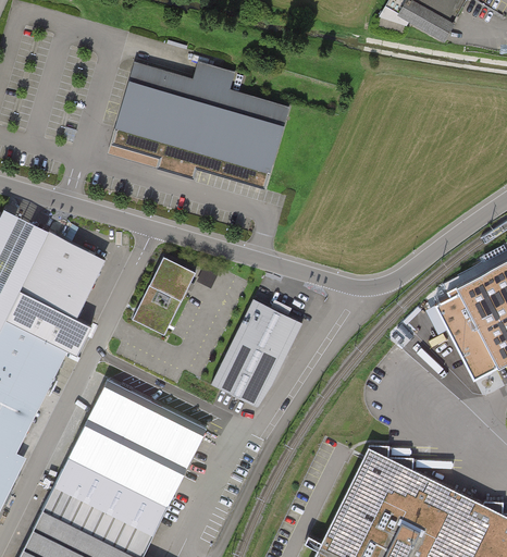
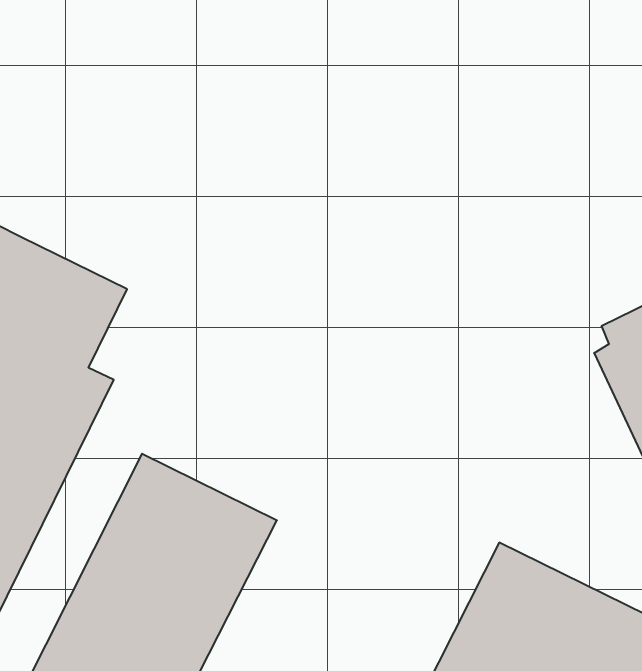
building: [114,62,288,175] -> none
building: [132,253,197,334] -> none
building: [211,297,301,406] -> none

